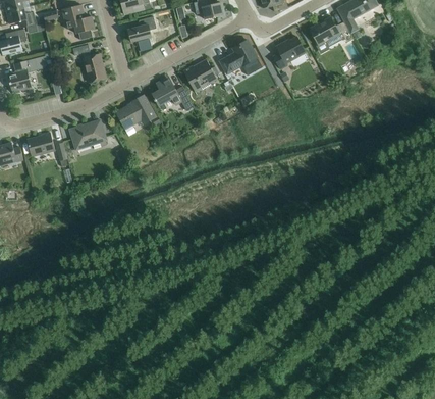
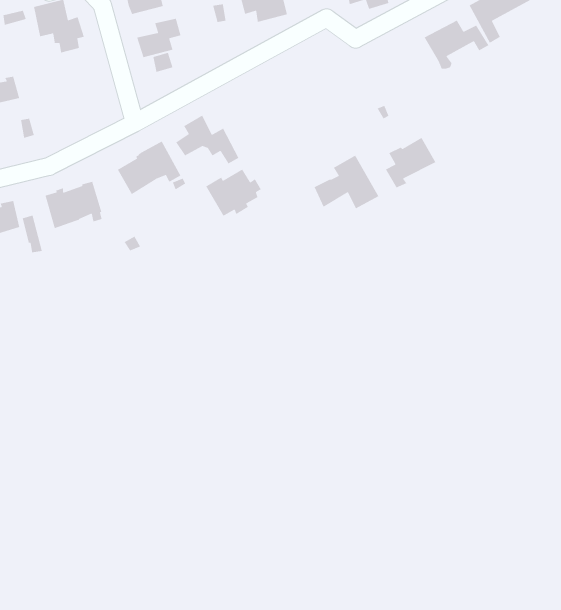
building: [273,36,306,68] -> [385,137,436,188]
building: [220,40,262,74] -> [314,155,380,209]
building: [72,44,105,82] -> none
building: [182,59,218,90] -> [205,168,262,217]

